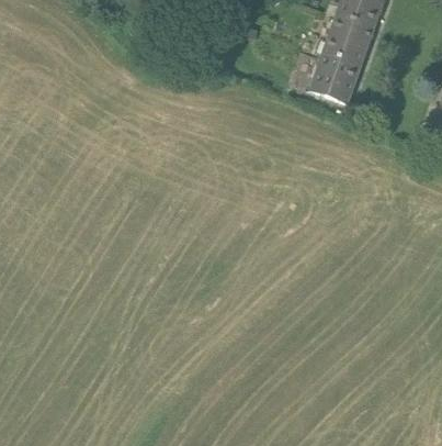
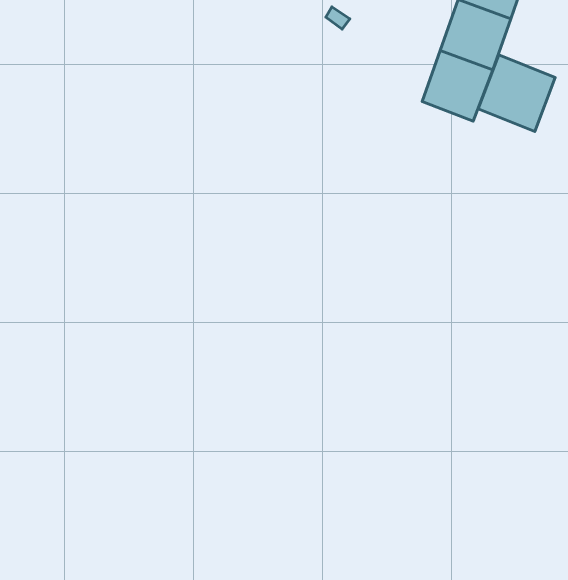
building: none -> [478,55,555,132]

